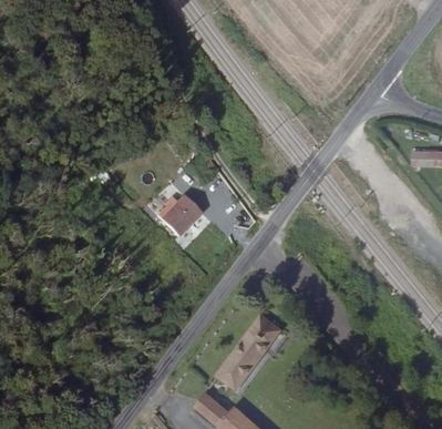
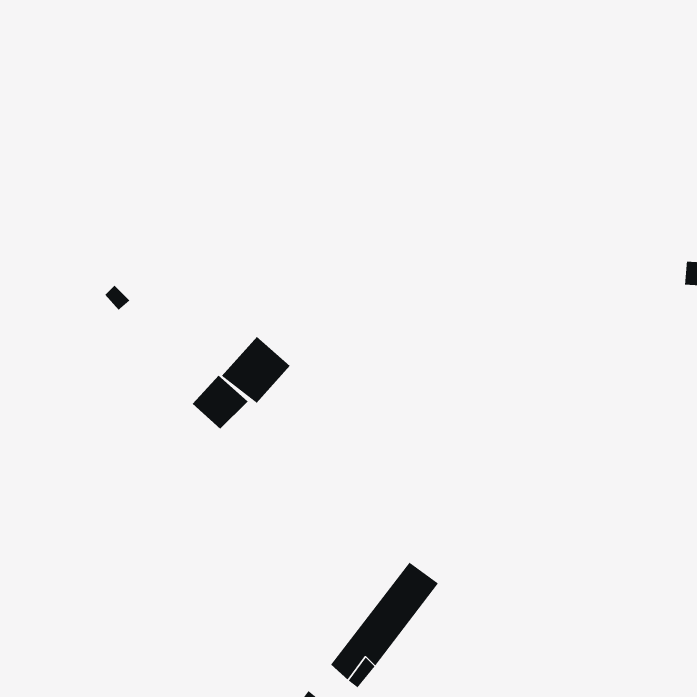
building: none -> [192,375,248,429]

